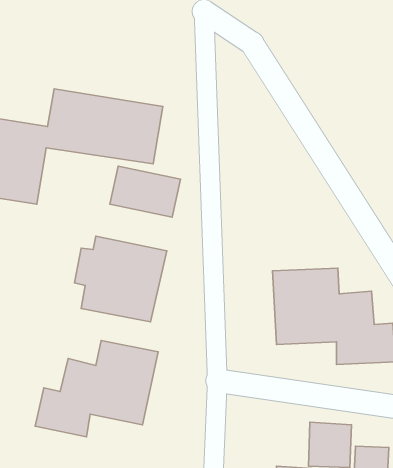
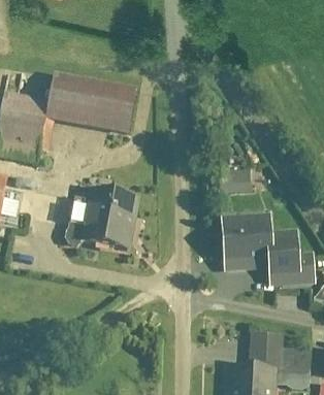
building: [110,166,180,217] -> none
building: [35,340,158,437] -> none

